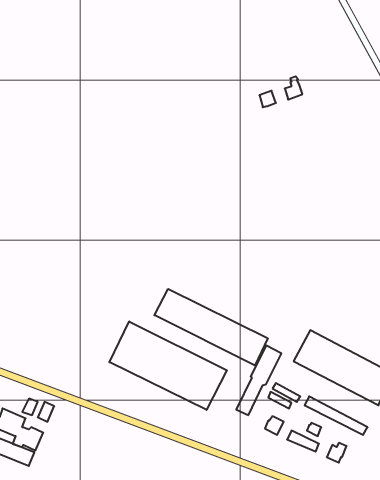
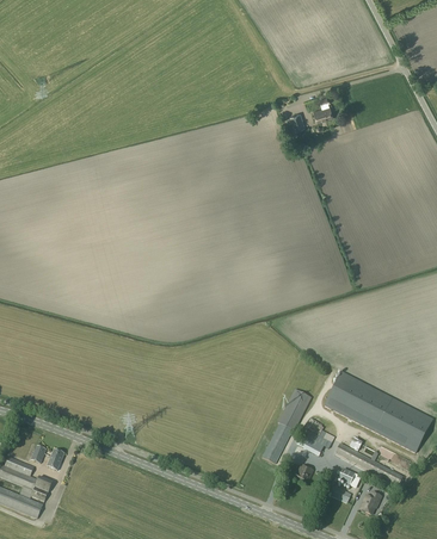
building: [154,289,268,365] -> none
building: [109,321,227,410] -> none

